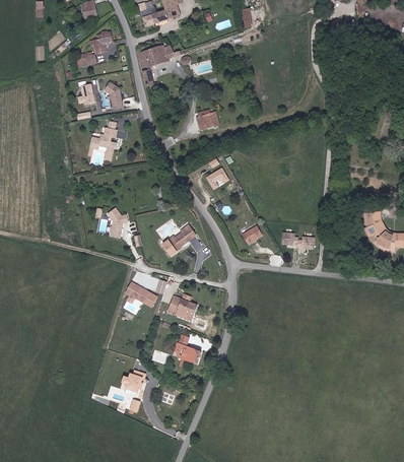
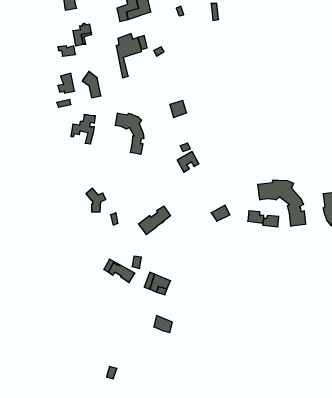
building: none -> [115,113,144,154]
building: none -> [258,180,306,226]
building: [121,369,145,393] -> none

